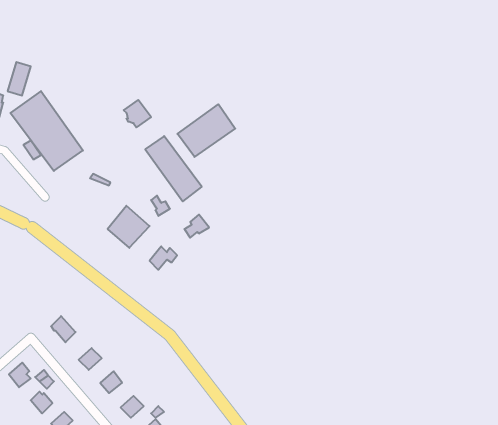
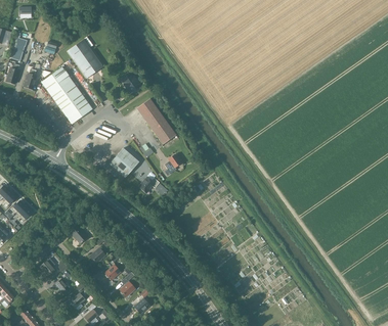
building: none -> [67,38,103,78]
building: [177,104,235,157] -> none

